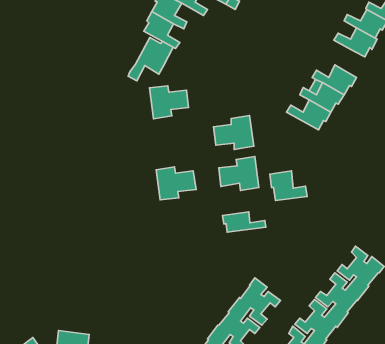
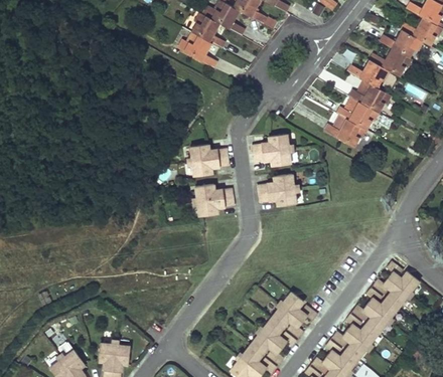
building: [128,37,173,81] -> none
building: none -> [347,59,390,87]
building: [149,86,188,119] -> [190,144,229,176]
building: [270,171,307,201] -> none
building: [222,212,266,232] -> none

